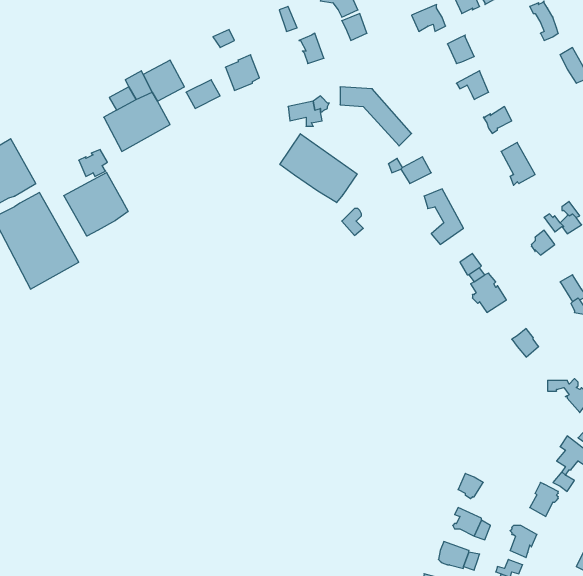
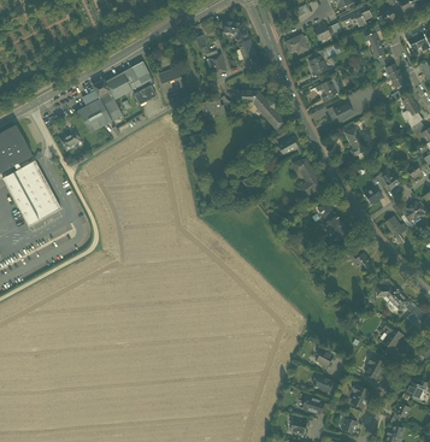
building: none -> [123,60,154,93]
building: [280,134,357,203] -> none
building: [64,172,128,236] -> none

